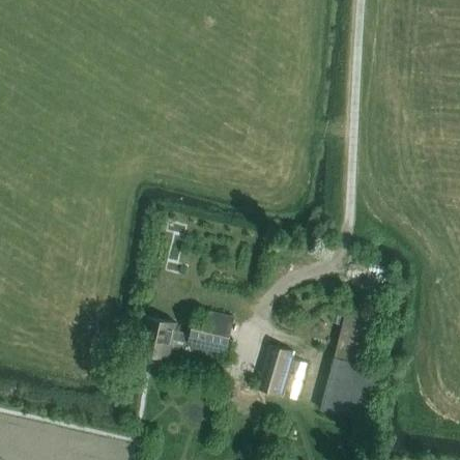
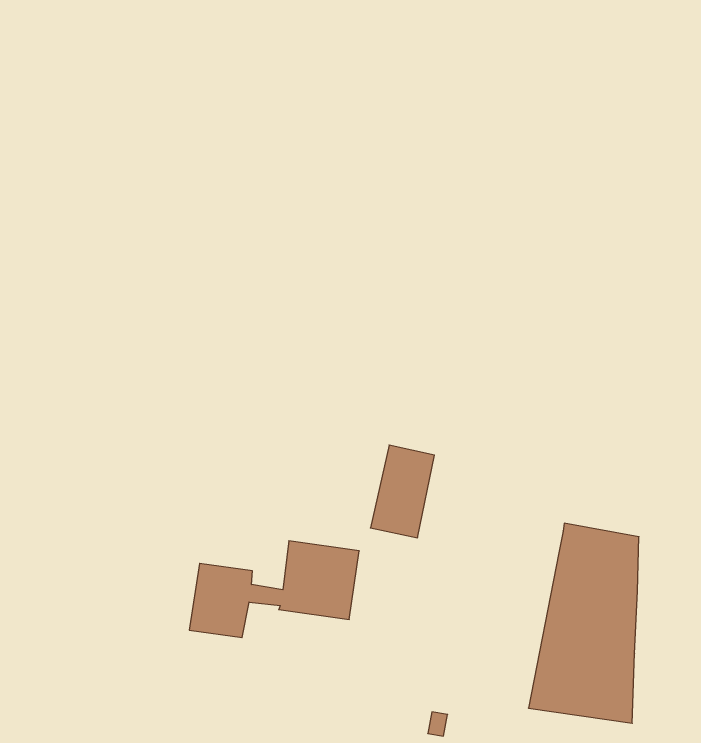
building: [256,345,293,396] -> [370,445,434,538]

